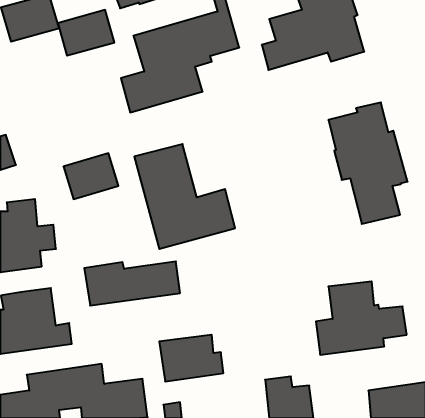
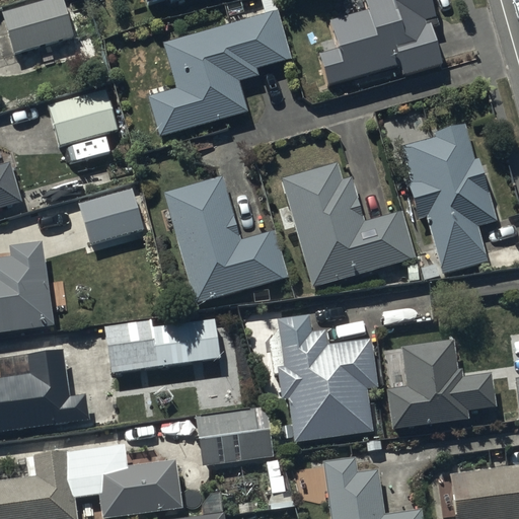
building: [58,10,114,56] -> [49,88,118,144]
building: none -> [281,162,416,287]
building: none -> [270,314,377,442]

